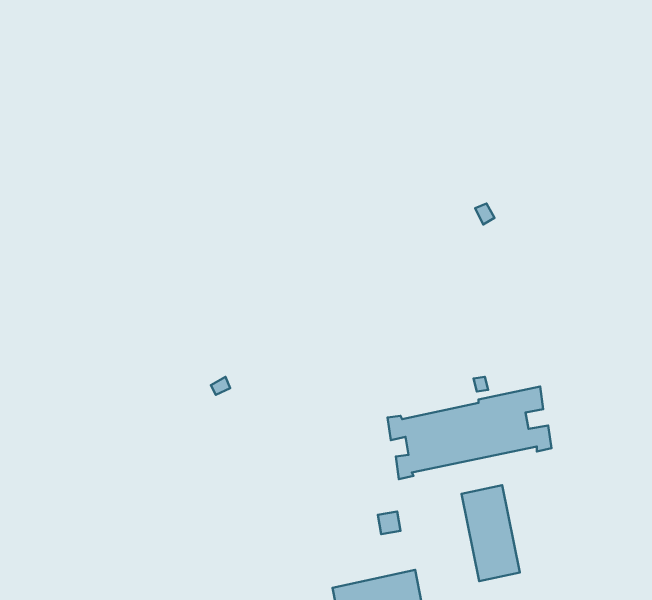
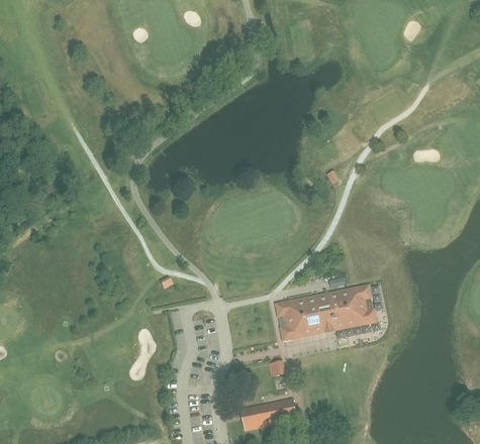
building: [462,485,520,581] -> none

